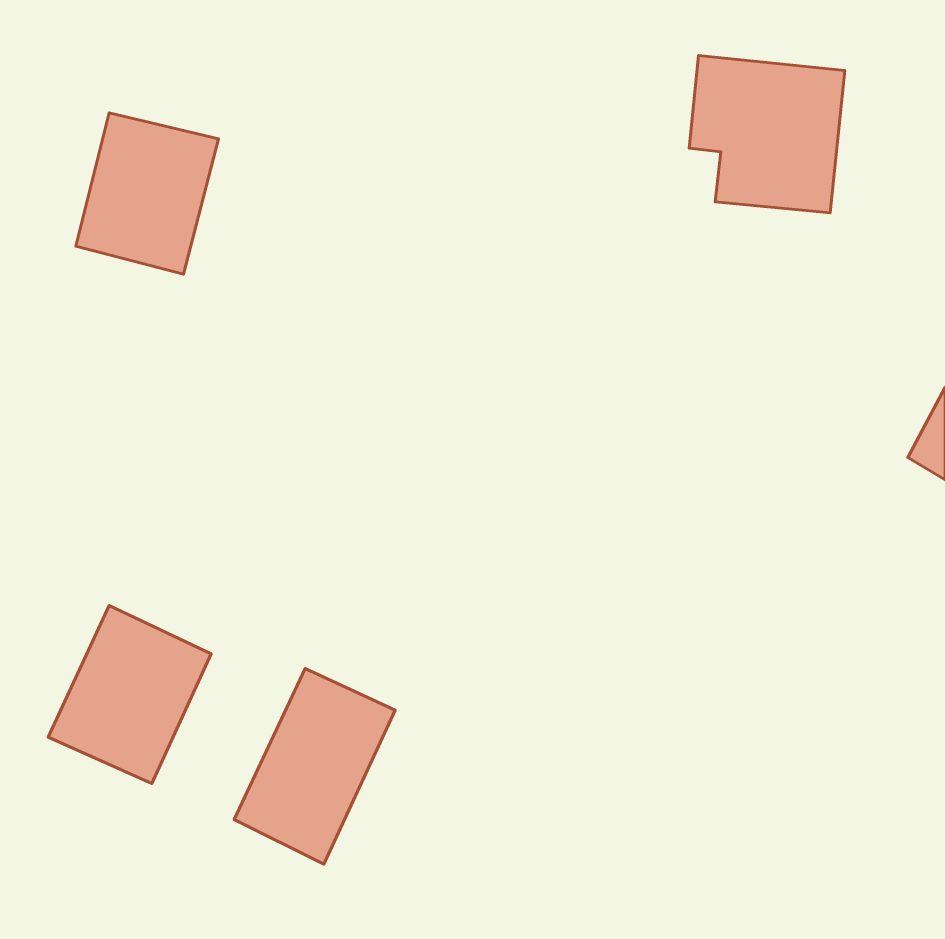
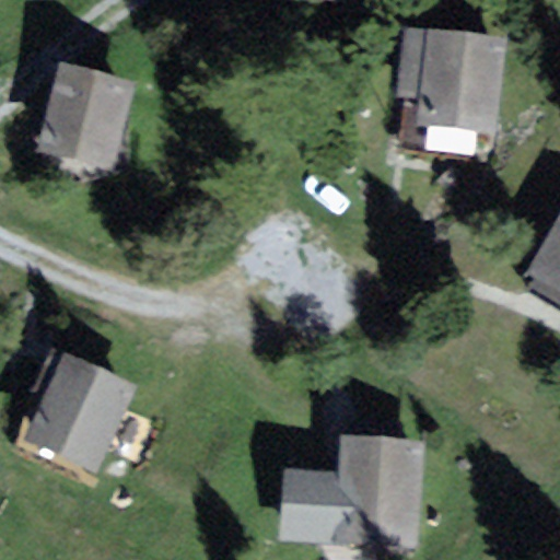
building: [234,668,395,864] -> none
building: none -> [282,443,412,536]

